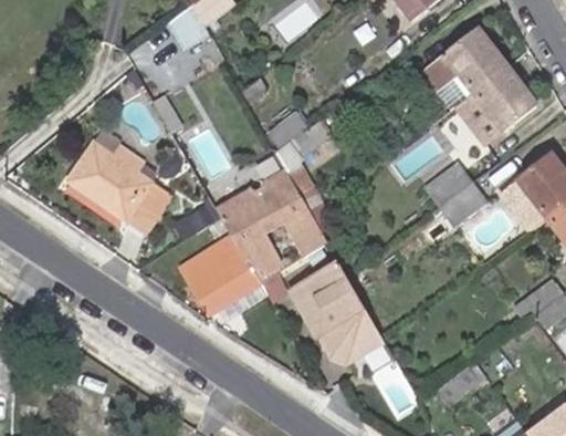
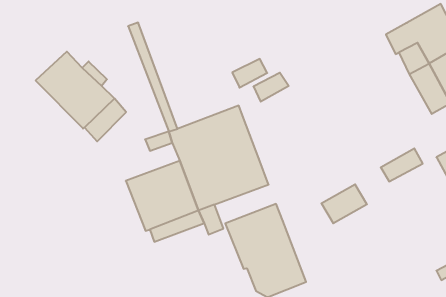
building: [426,164,473,208] -> [321,184,367,223]

